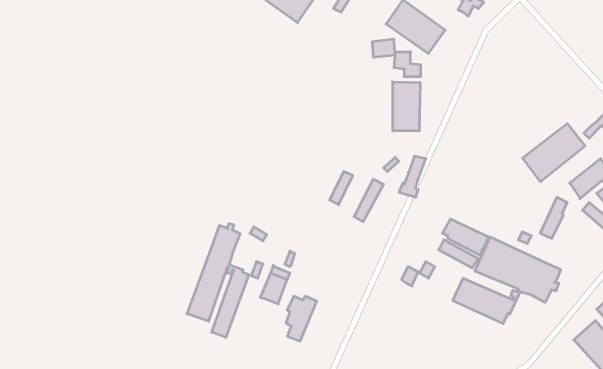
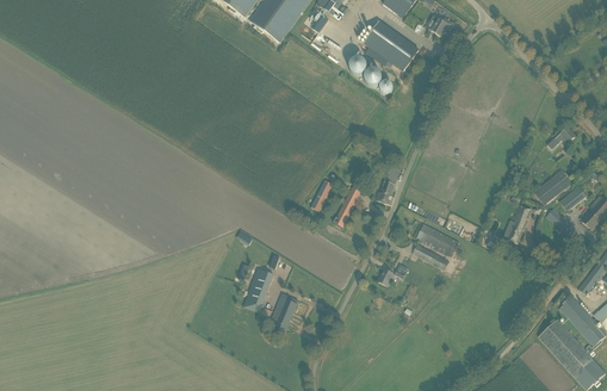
building: [393,82,420,131] -> none
building: [523,124,585,182] -> none
building: [187,224,249,337] -> none
building: [453,237,561,324] -> none

